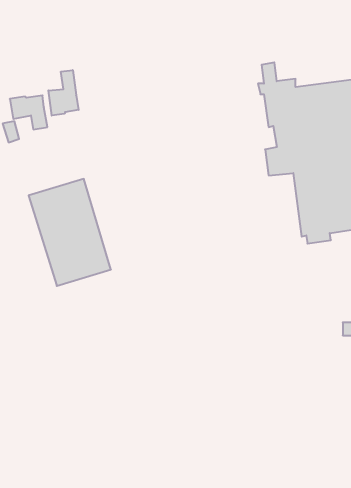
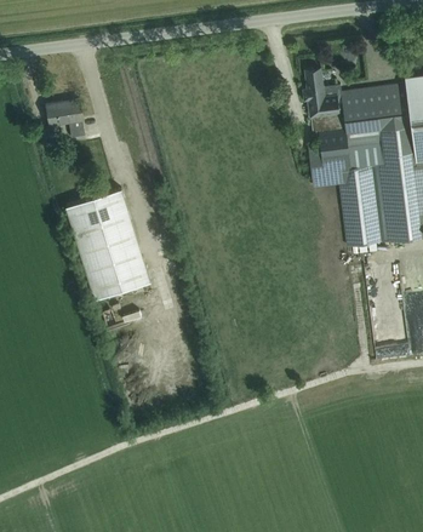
building: [48,70,79,116] -> none

